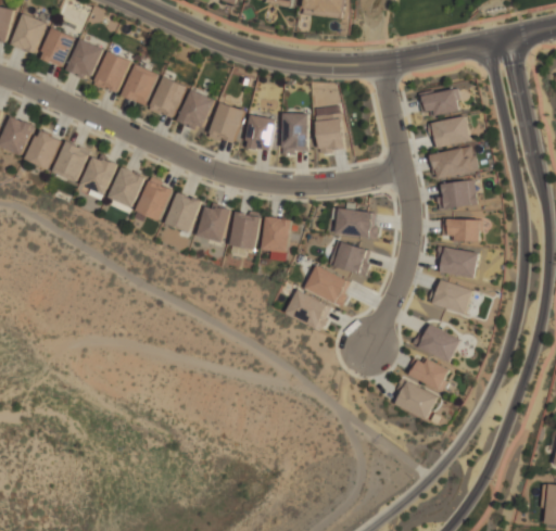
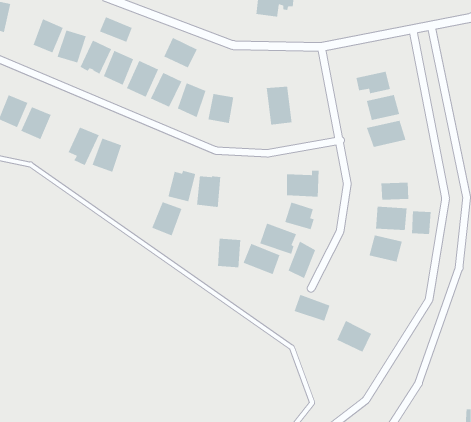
building: [12,13,46,52] -> none
building: none -> [99,16,133,43]
building: none -> [163,37,198,68]
building: [280,112,307,153] -> none
building: [54,140,89,181] -> none
building: [136,178,174,220] -> none
building: [442,180,477,207] -> none
building: [165,191,202,232] -> [151,201,182,236]
building: [263,216,291,252] -> [217,238,241,268]
building: none -> [411,210,432,235]
building: none -> [288,240,316,279]
building: [419,324,462,362] -> none
building: [405,355,448,388] -> [293,294,330,322]

